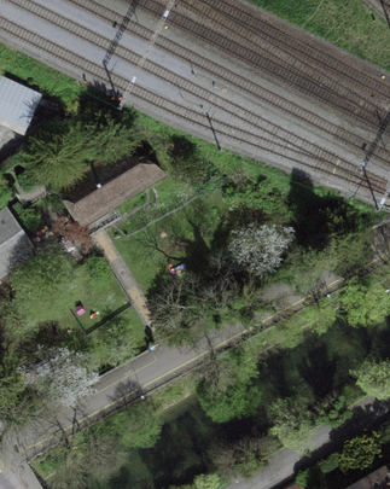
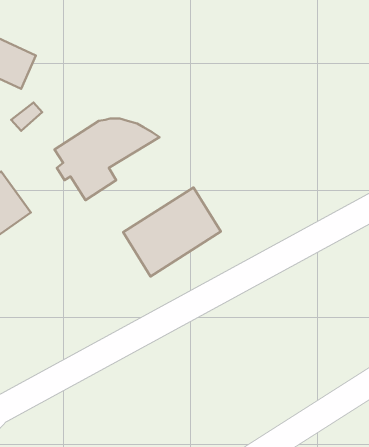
building: none -> [123,187,221,277]

